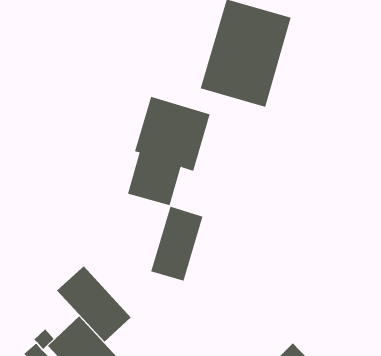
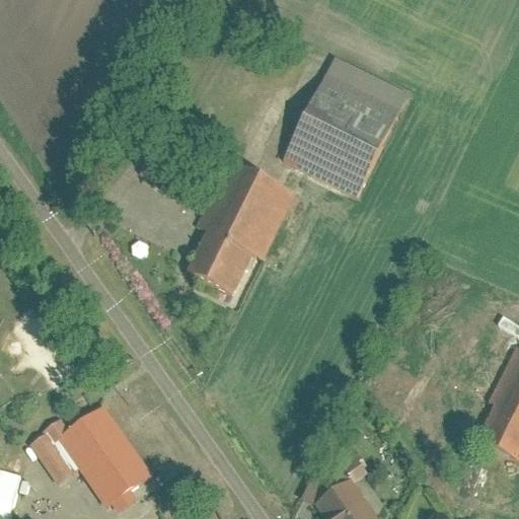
building: [151,206,203,281] -> none
building: [56,266,132,343] -> none

